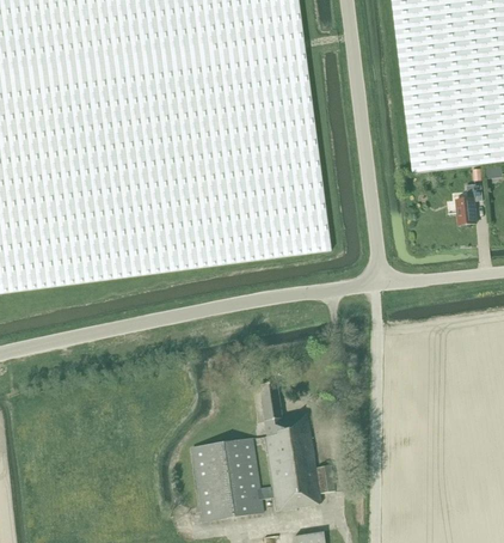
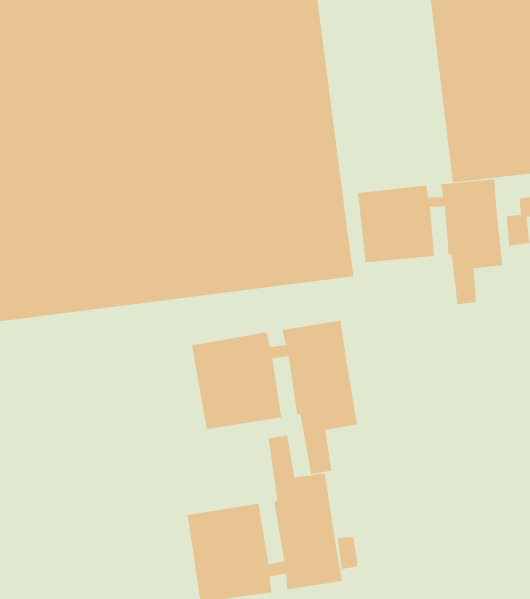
building: none -> [358,178,503,305]
building: none -> [192,320,358,475]

